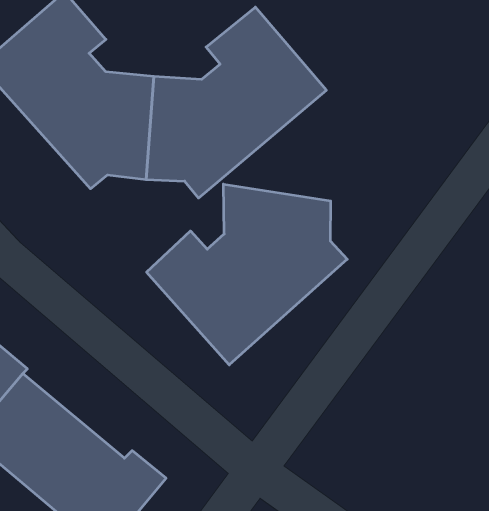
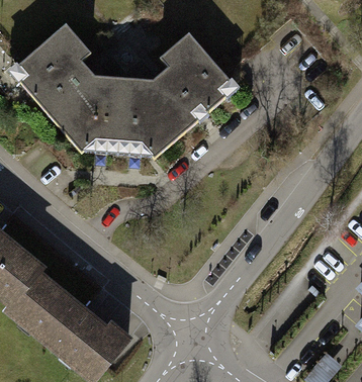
building: [147,184,347,365] -> none

